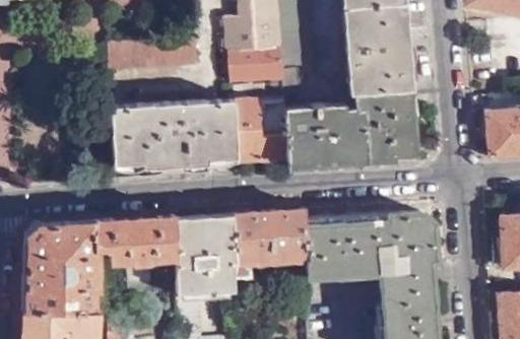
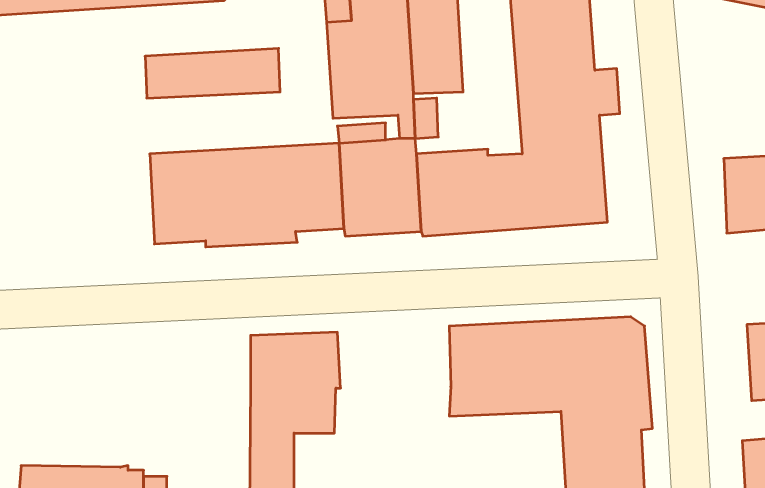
building: [231,211,306,263] -> none
building: [24,218,175,314] -> none

